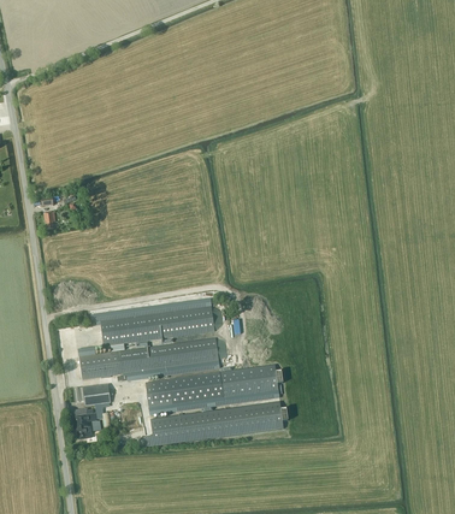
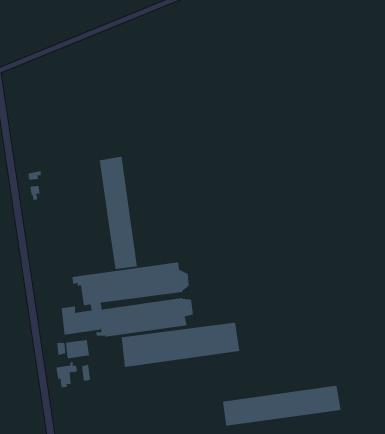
building: none -> [99,156,137,270]
building: [150,401,284,447] -> [222,385,342,426]

